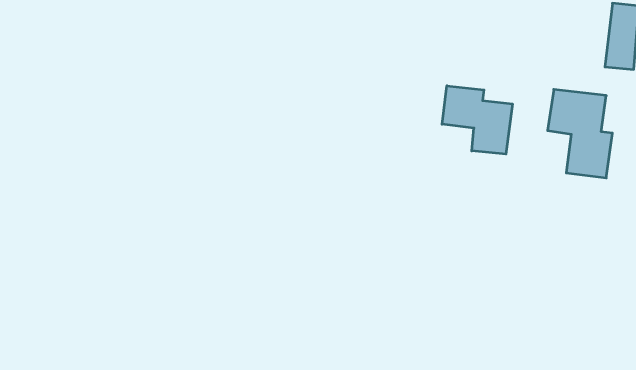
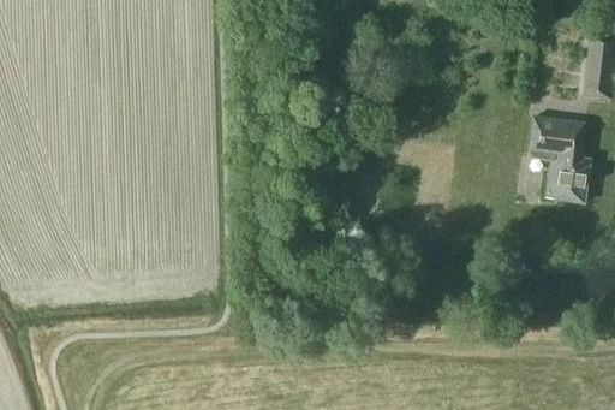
building: [442,86,512,154] -> none

